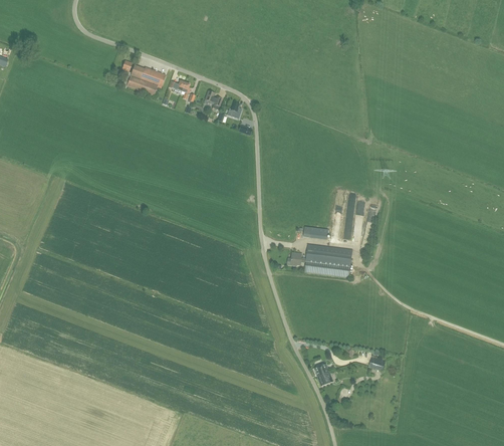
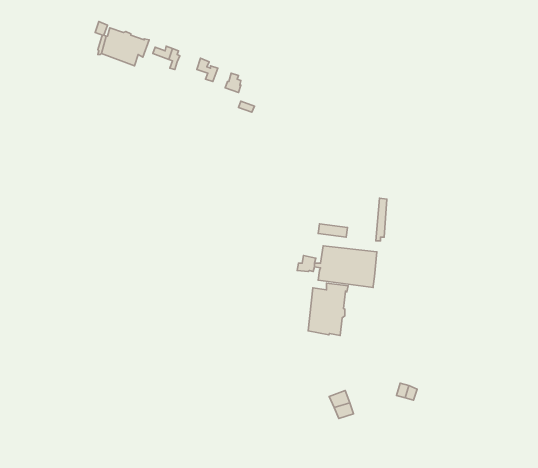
building: none -> [308,283,348,335]

